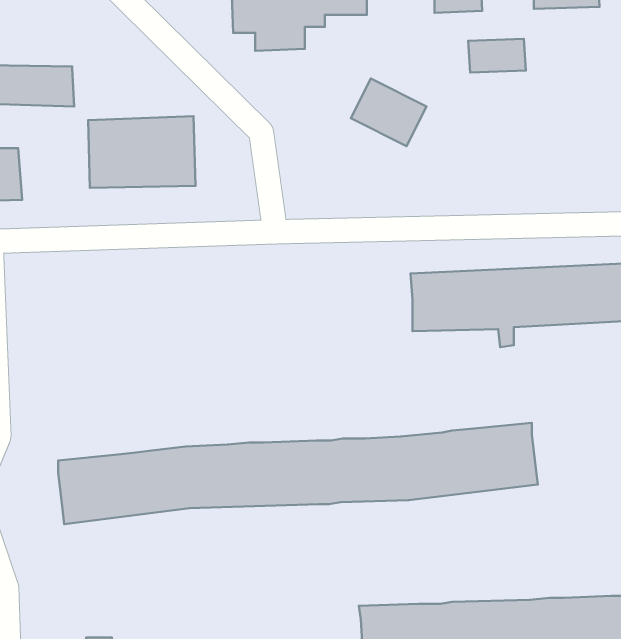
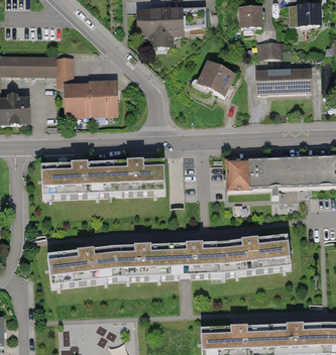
building: none -> [55,54,75,82]
building: none -> [257,69,311,92]
building: none -> [42,160,166,197]

